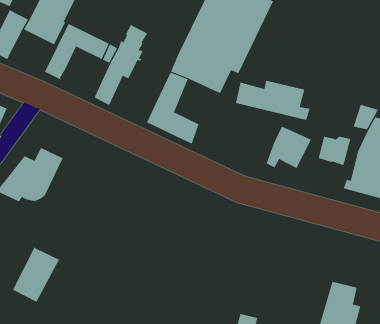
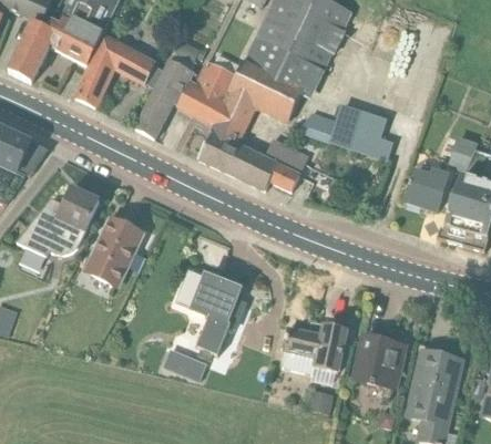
building: none -> [177,60,236,124]
building: [266,126,312,169] -> [254,138,309,190]
building: none -> [181,272,245,354]
building: [12,247,60,303] -> [84,217,142,285]
building: none -> [282,320,347,373]
building: none -> [354,335,405,384]
building: none -> [163,349,206,380]

